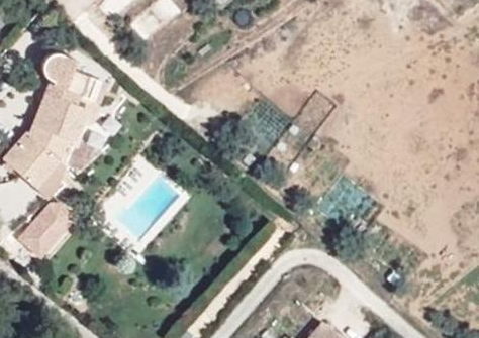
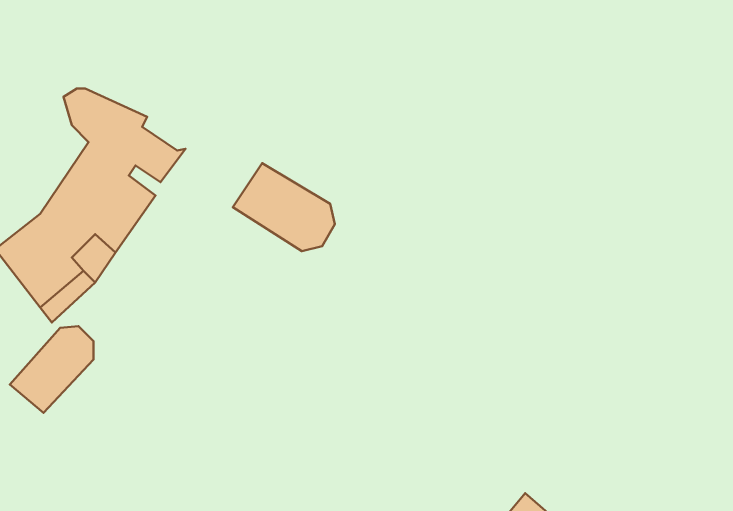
building: none -> [233,163,335,251]

